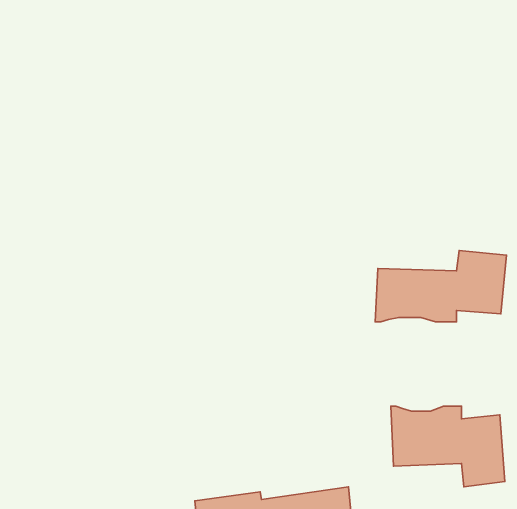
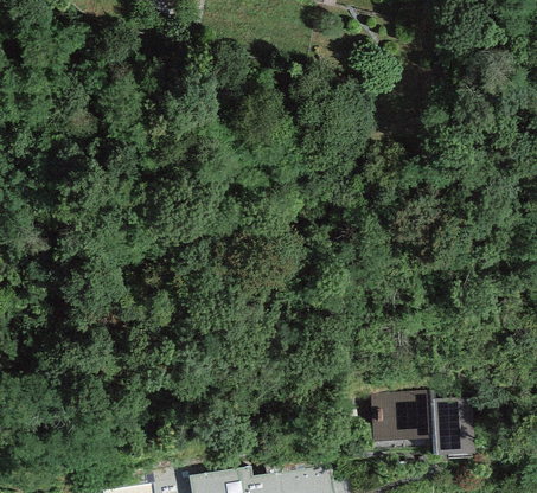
building: [375,251,507,322] -> none

